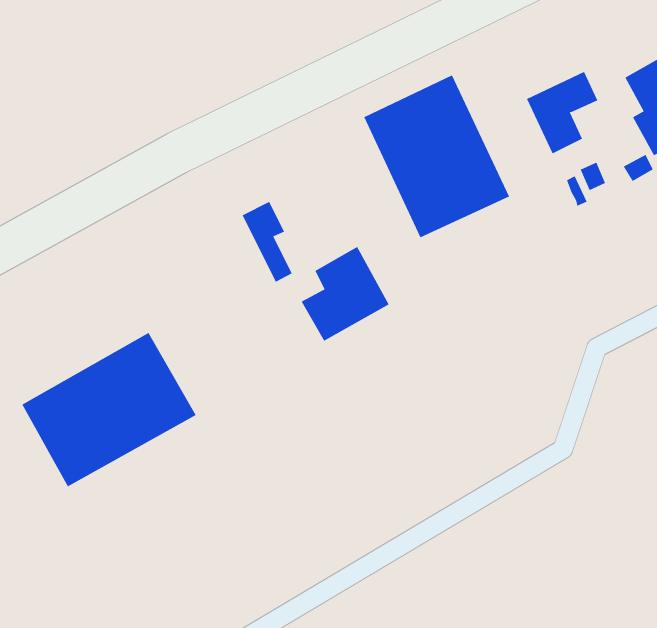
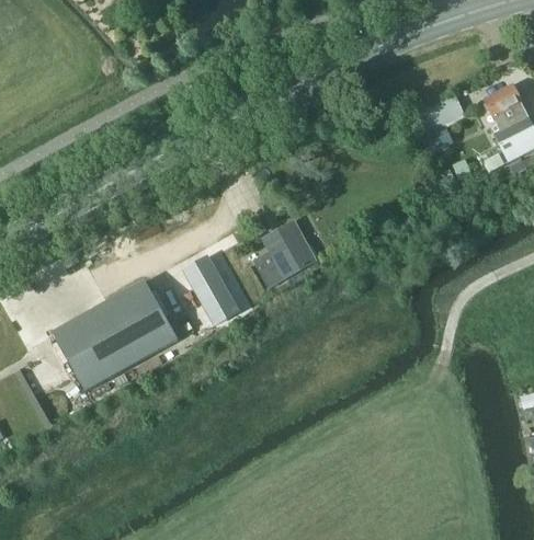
building: [363,75,510,238] -> none
building: [242,201,292,283] -> [198,260,235,318]

